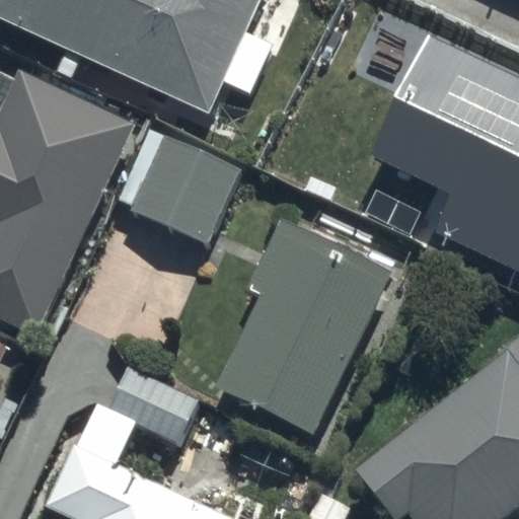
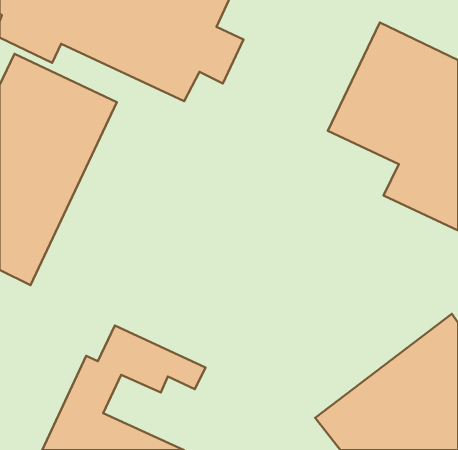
building: [120,132,246,245] -> none
building: [217,221,393,436] -> none

